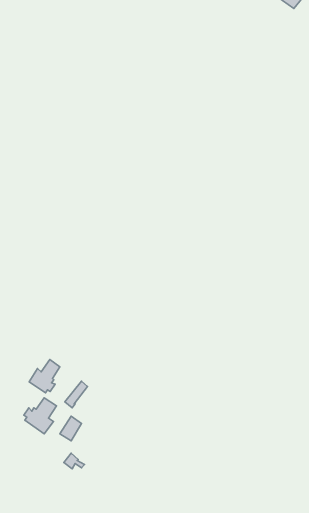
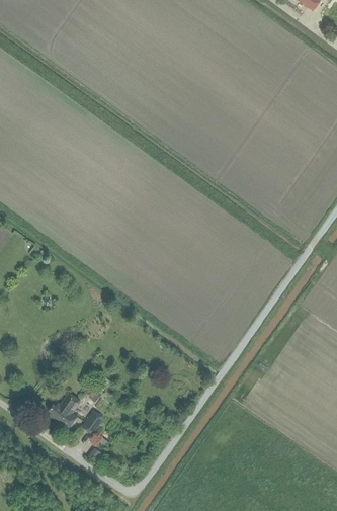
building: [29,360,60,393] -> none

